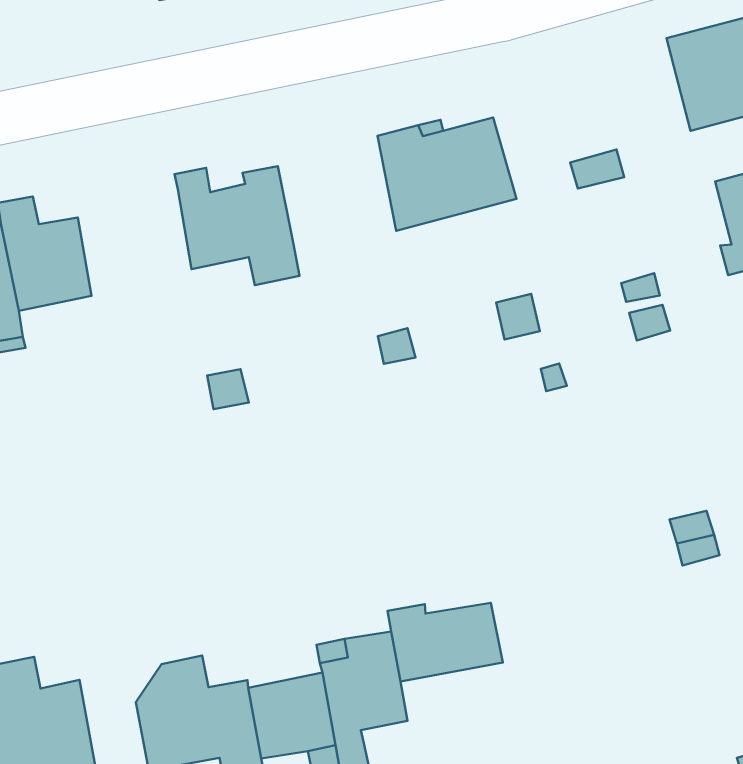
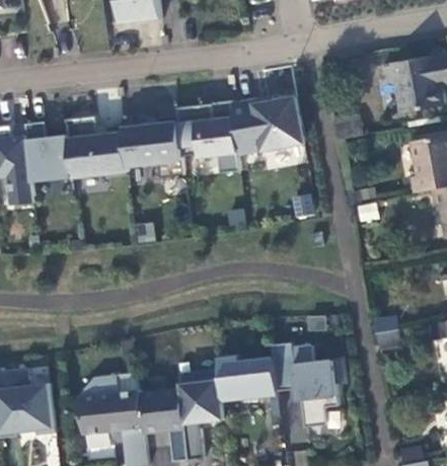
building: none -> [176,101,240,173]
building: none -> [66,115,128,177]
building: none -> [272,342,343,428]

